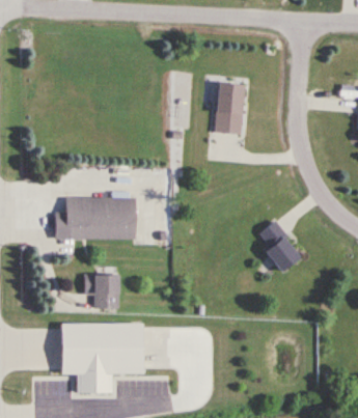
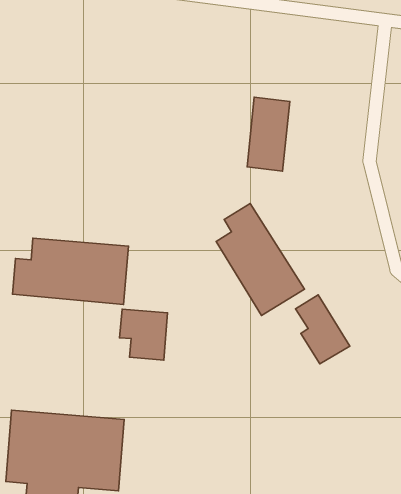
building: none -> [216,204,304,316]
building: [85,274,118,308] -> [120,309,168,360]

